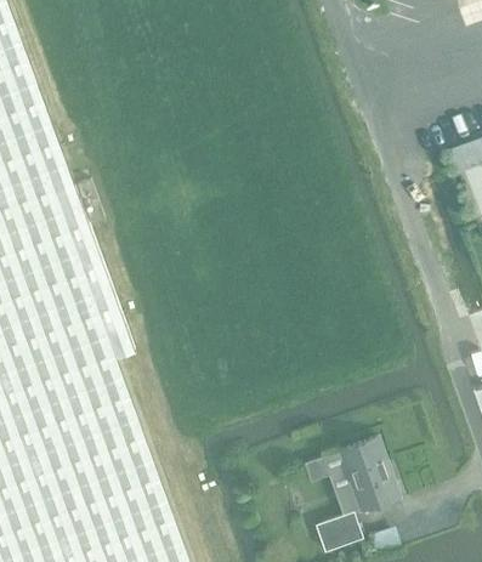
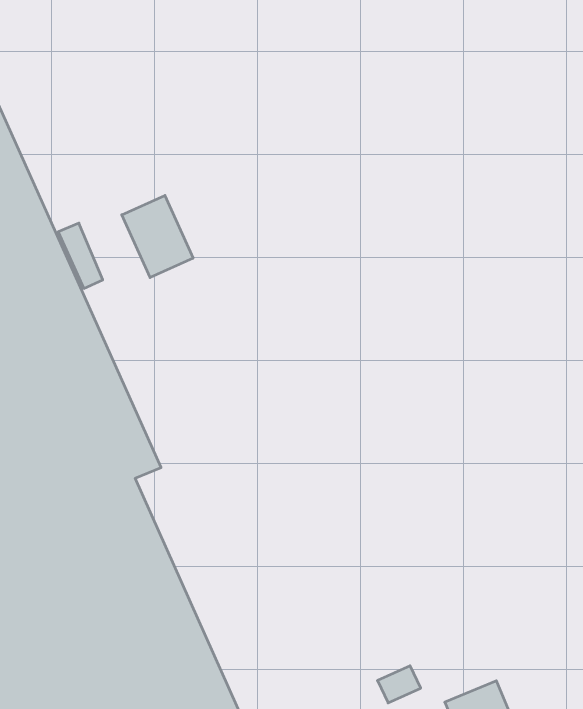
building: none -> [122,195,193,278]
building: [304,438,399,512] -> none

